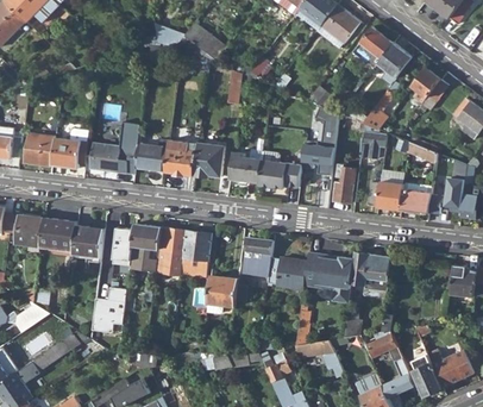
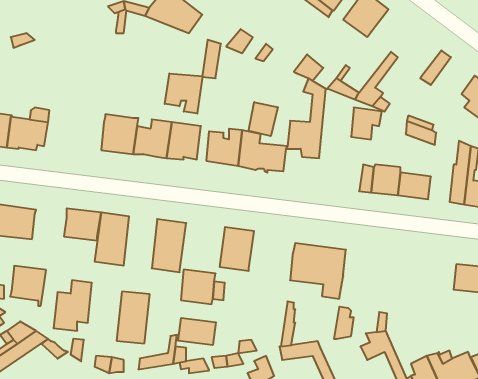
building: [376,42,412,76] -> none
building: [409,67,439,104] -> none
building: none -> [165,73,202,114]
building: none -> [248,102,278,136]
building: [88,134,137,174] -> none
building: [331,163,355,202] -> none
building: [71,225,103,261] -> [10,266,46,306]
building: [155,227,184,274] -> [117,292,150,343]
building: [351,251,390,286] -> none
building: [265,257,306,289] -> none
building: none -> [178,318,216,345]

